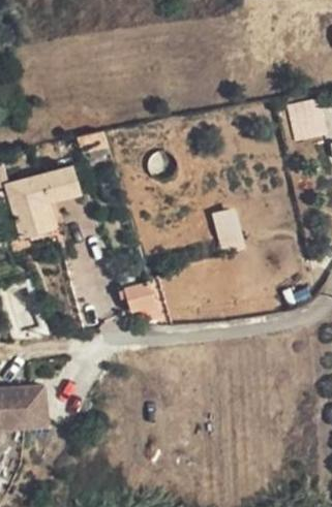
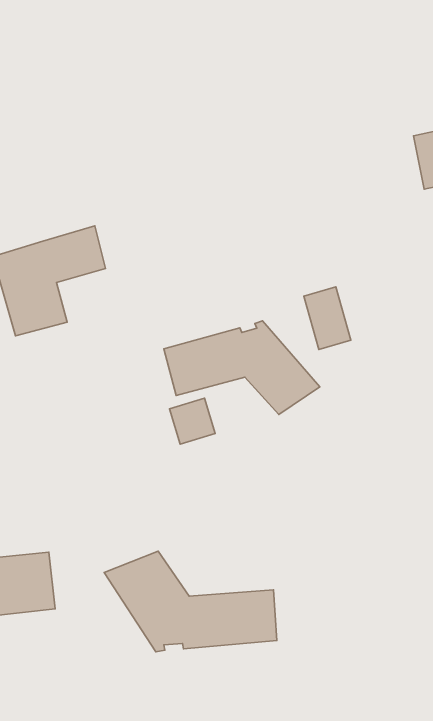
building: none -> [164,321,320,414]
building: none -> [104,551,277,652]

